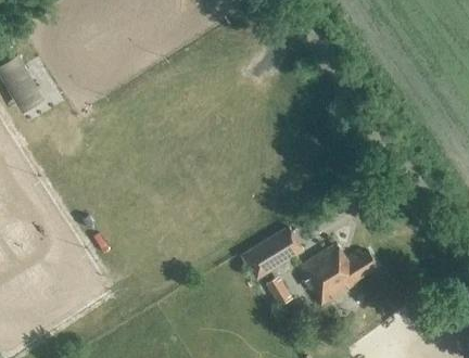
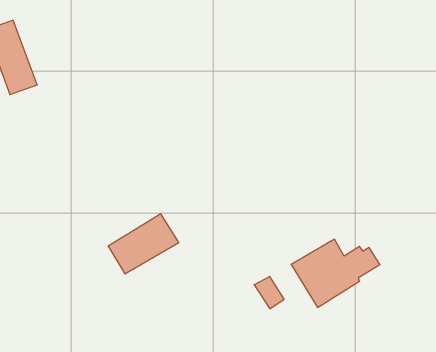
building: [238,227,302,281] -> [108,214,179,274]

